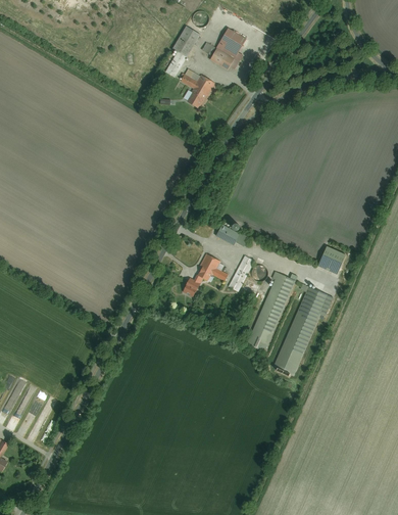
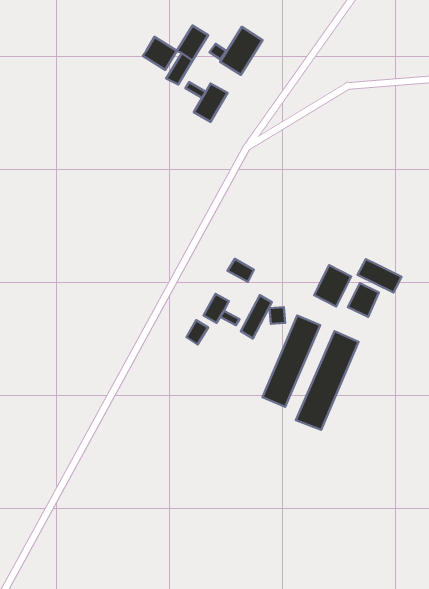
building: none -> [143,37,177,70]
building: none -> [358,259,401,293]
building: none -> [314,265,351,306]

